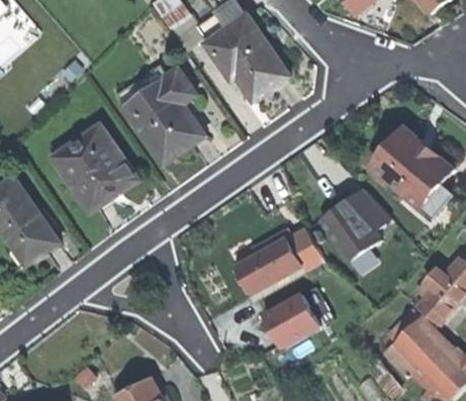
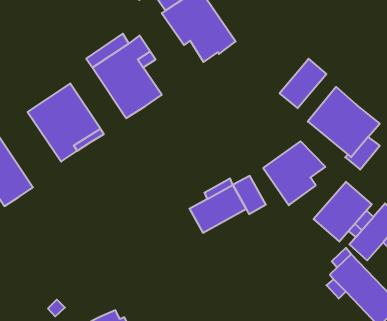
building: none -> [280,59,326,108]
building: none -> [314,182,372,242]
building: [262,294,318,347] -> none

